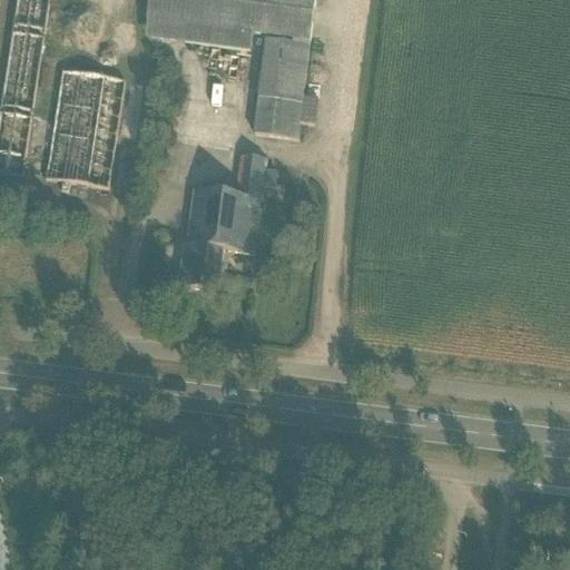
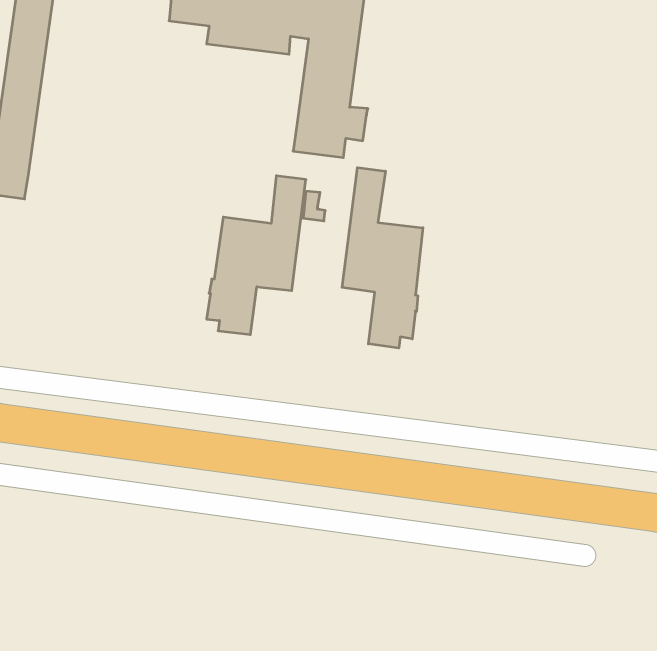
building: [43,67,122,188] -> none
building: none -> [342,168,423,348]

